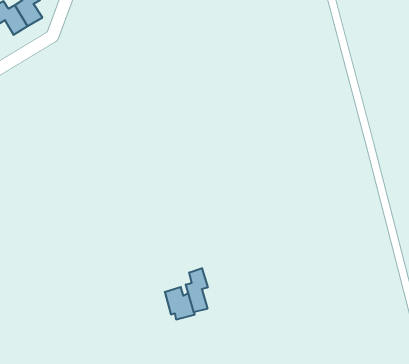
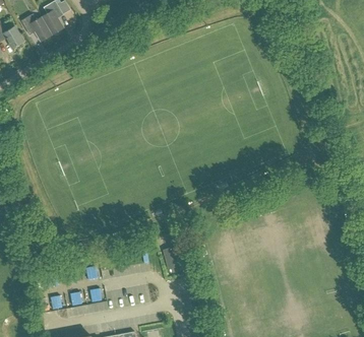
building: [186,268,208,312] -> none

